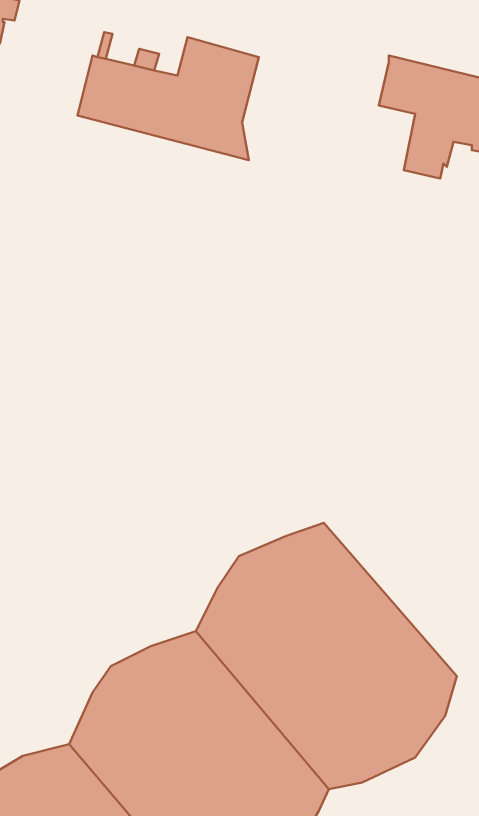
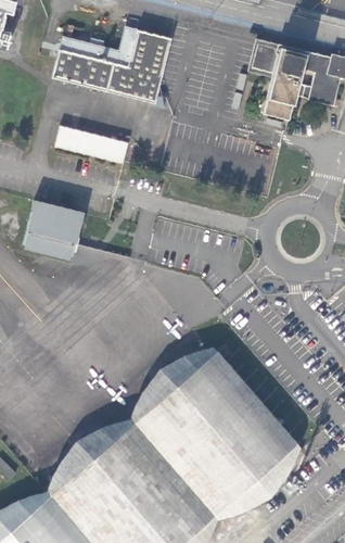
building: none -> [55,126,128,164]
building: none -> [25,201,85,261]

